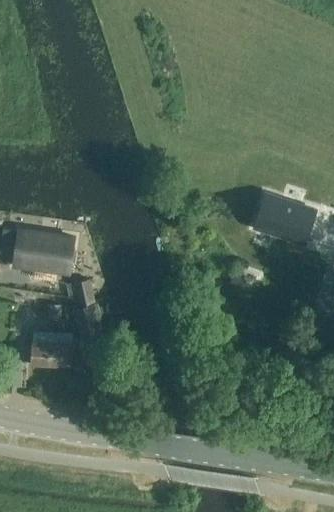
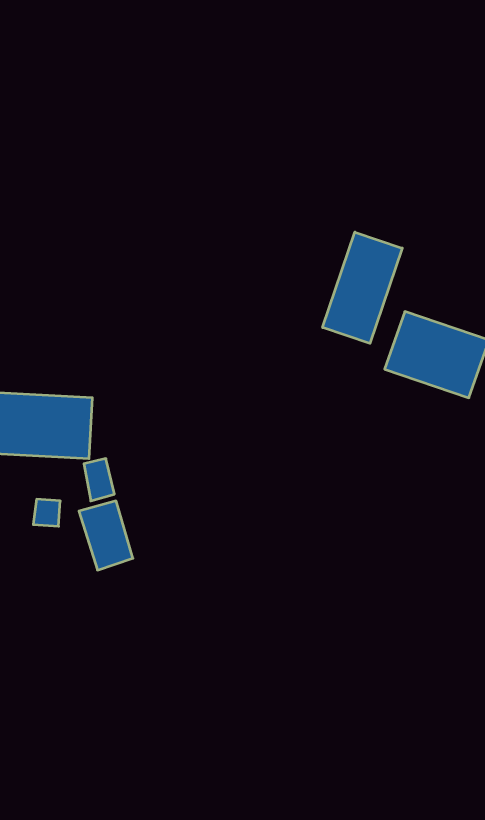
building: none -> [323,232,402,343]
building: [30,330,70,364] -> none

